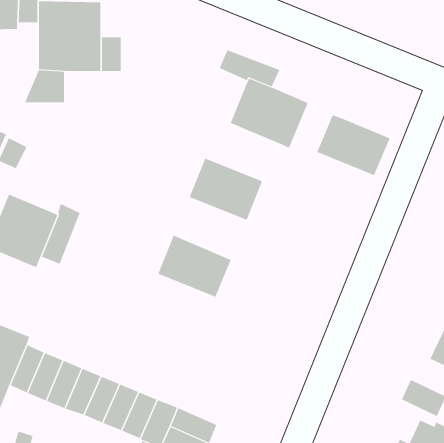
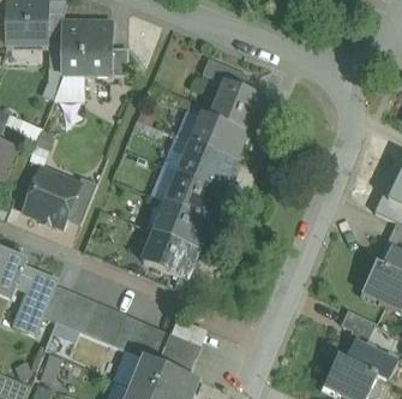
building: [317,115,390,176] -> [190,112,246,159]
building: none -> [166,171,222,219]
building: none -> [142,230,198,278]

